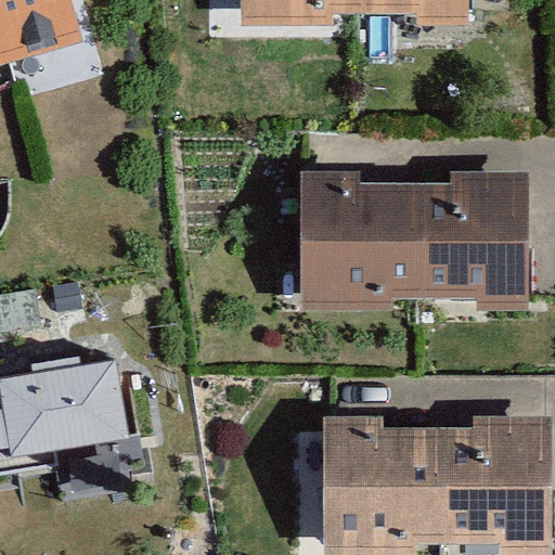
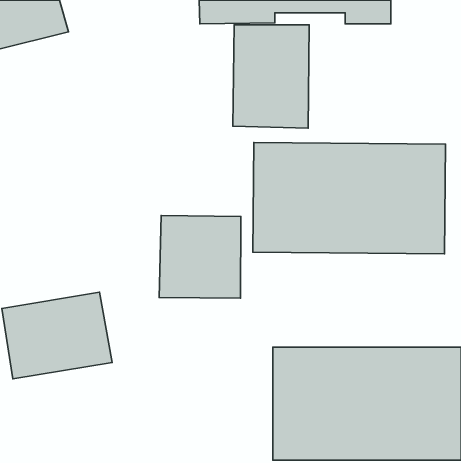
building: none -> [233,25,309,128]
building: none -> [159,215,241,298]

